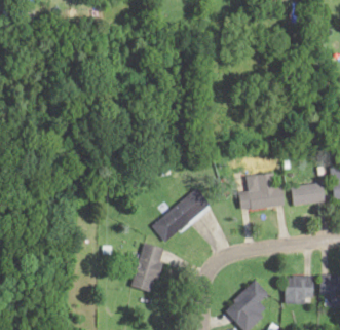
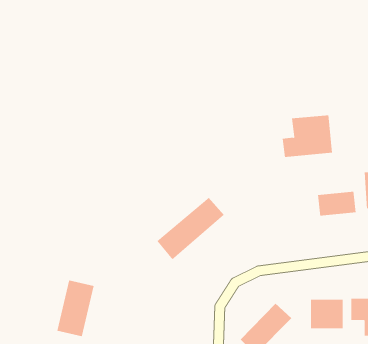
building: [239,172,284,209] -> [282,115,333,158]
building: [133,243,165,292] -> [56,280,95,337]

